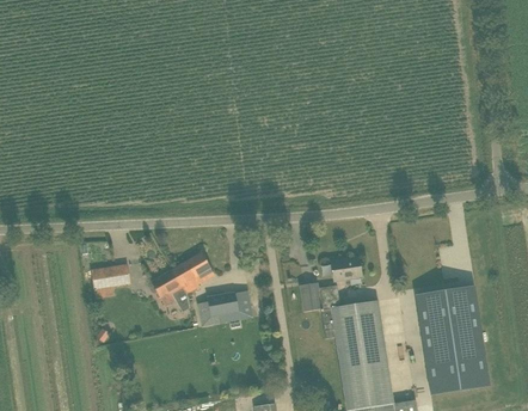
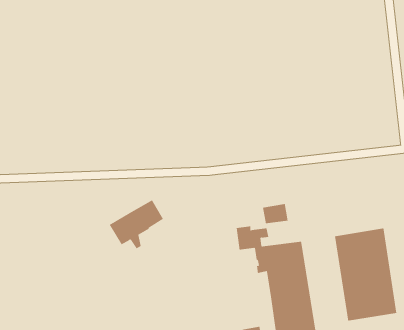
building: [91,263,129,295] -> none
building: [196,288,251,325] -> none

